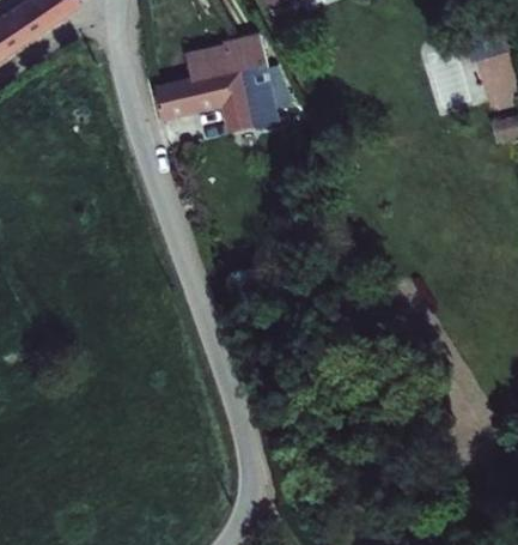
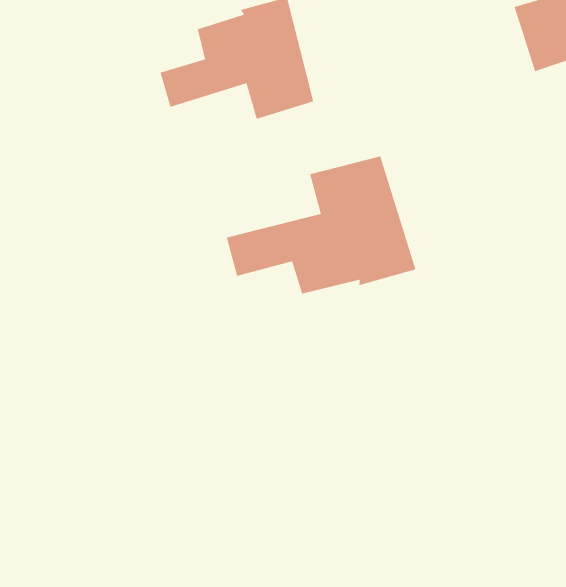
building: none -> [226,155,417,294]

